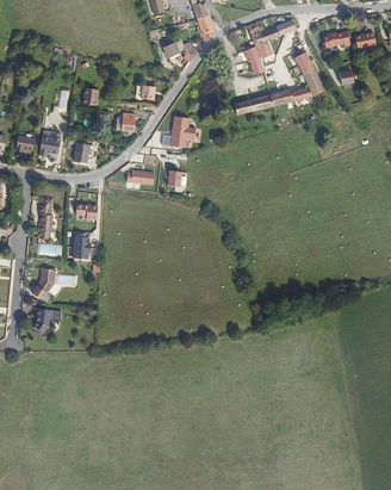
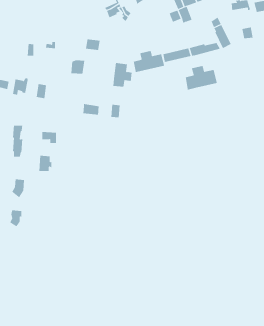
building: none -> [133,50,165,73]
building: none -> [185,65,218,90]

